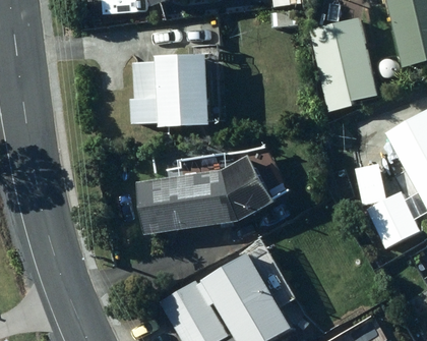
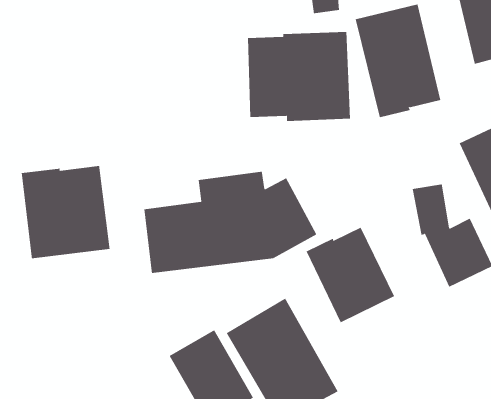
building: [130,55,214,127] -> [247,31,351,121]
building: none -> [21,165,110,259]
building: none -> [306,227,395,323]

